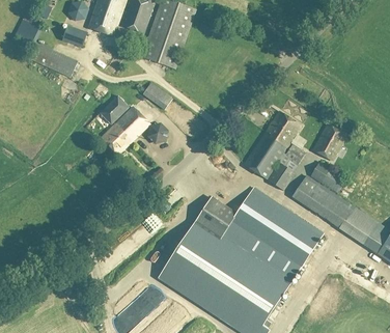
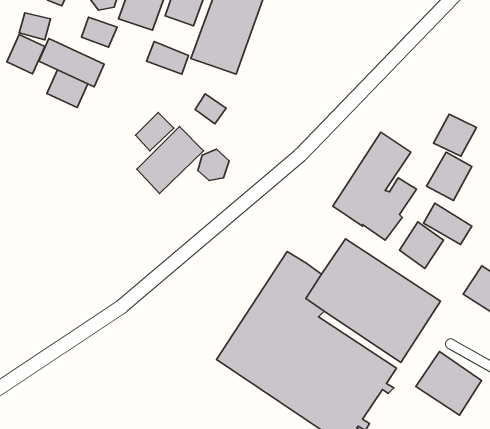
building: none -> [7,35,45,74]
building: none -> [146,42,189,74]
building: none -> [47,70,88,107]
building: none -> [434,114,477,156]
building: [311,189,353,228] -> none
building: none -> [416,351,482,415]

